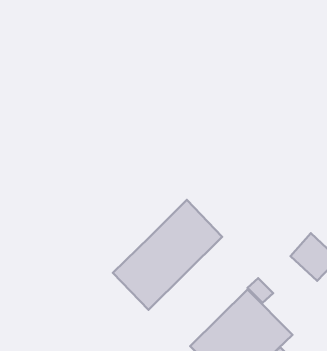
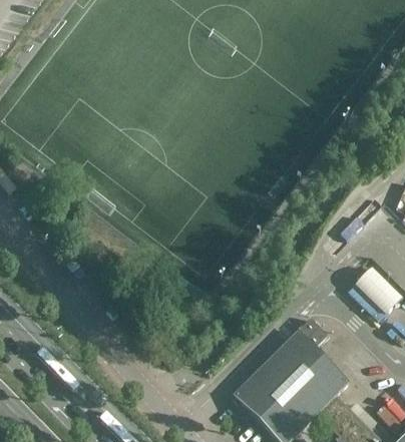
building: [113,200,222,310] -> none

